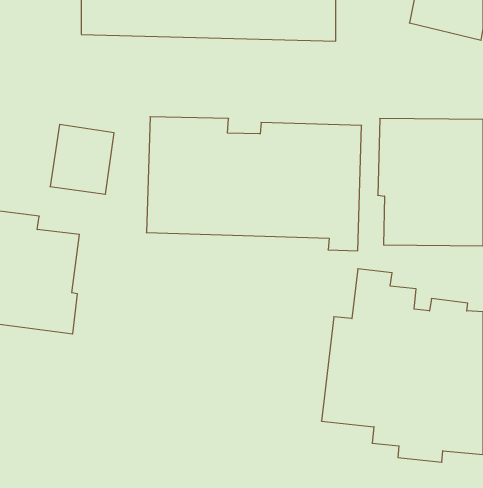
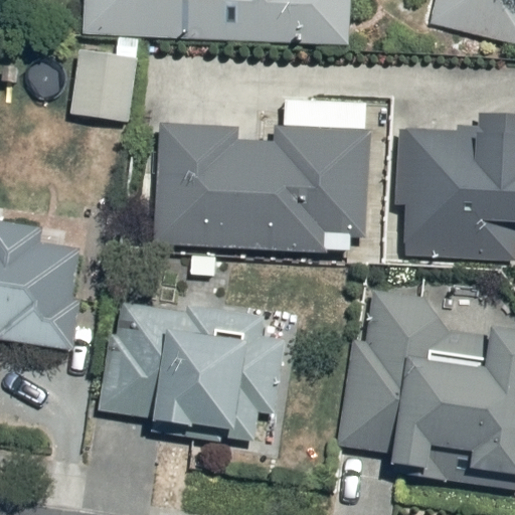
building: [50,124,114,194] -> [69,49,137,123]
building: none -> [97,296,288,439]

